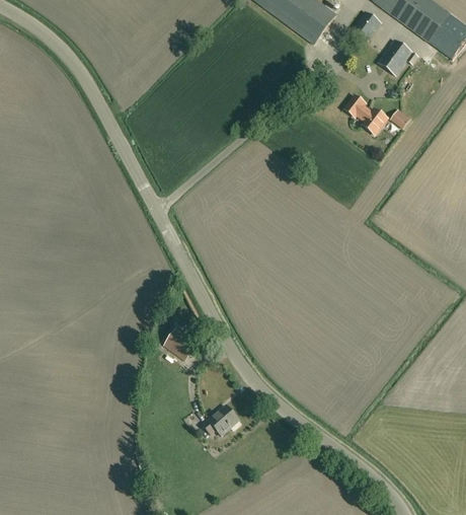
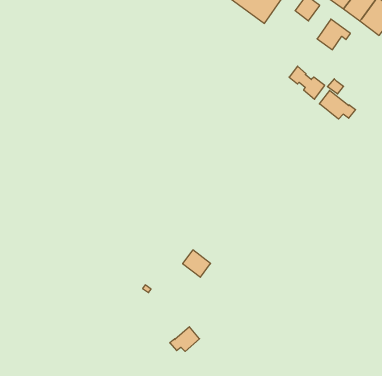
building: none -> [319,90,356,119]
building: [163,328,197,361] -> [183,250,211,277]

